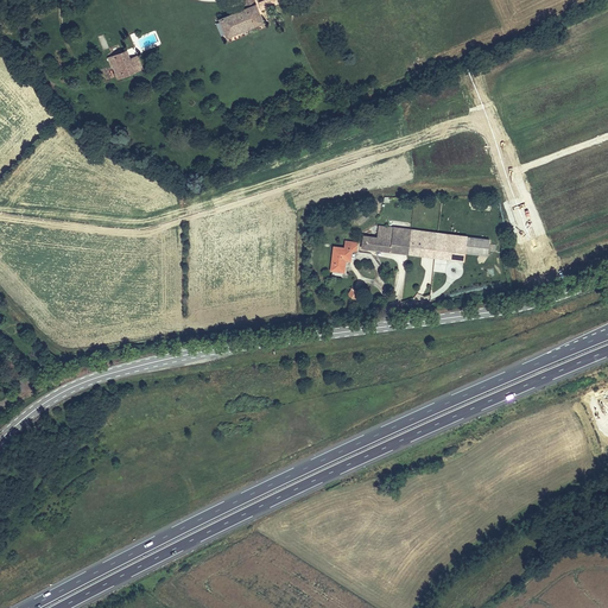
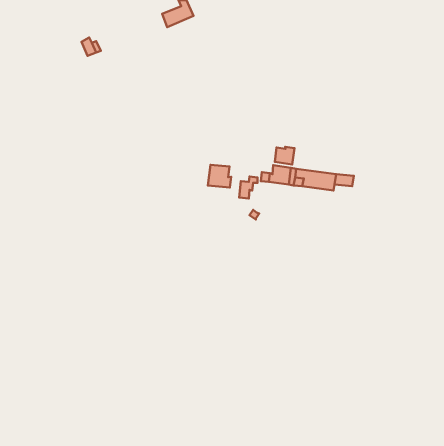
building: none -> [275,147,294,164]
building: none -> [208,165,231,188]

